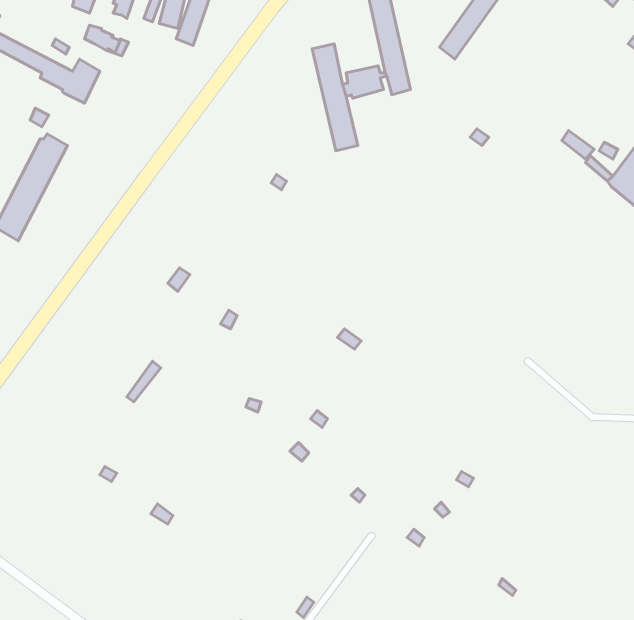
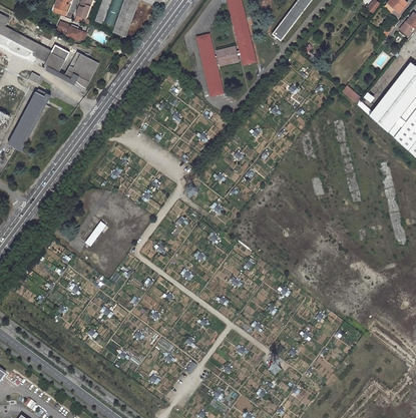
building: none -> [48,48,101,84]

